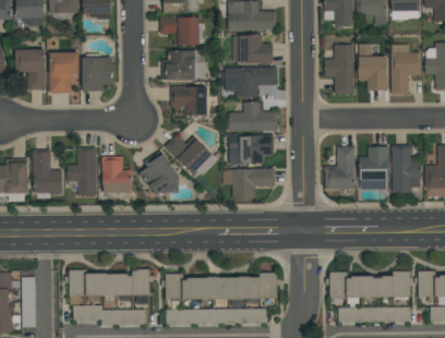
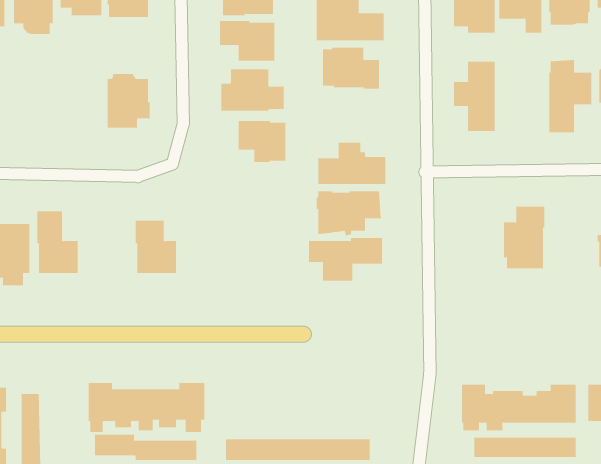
building: [358,44,387,90] -> none
building: [15,49,45,89] -> none
building: [49,51,80,93] -> none
building: [225,67,277,98] -> none
building: [164,134,218,176] -> none
building: [324,145,354,190] -> none
building: [390,145,421,193] -> none
building: [67,147,97,195] -> none
building: [140,154,180,195] -> none
building: [165,273,277,306] -> none

